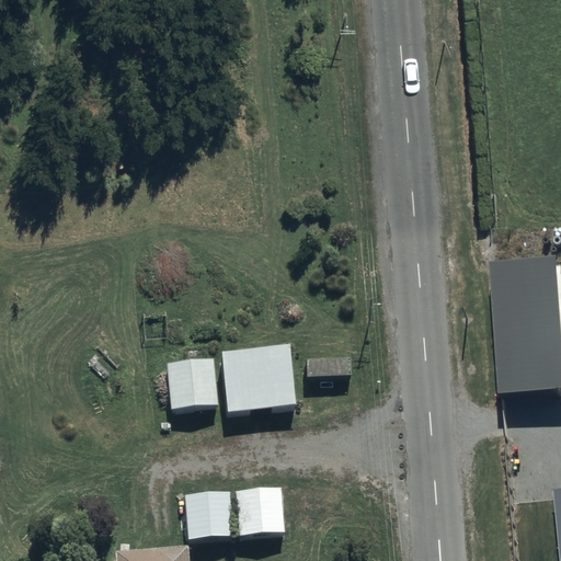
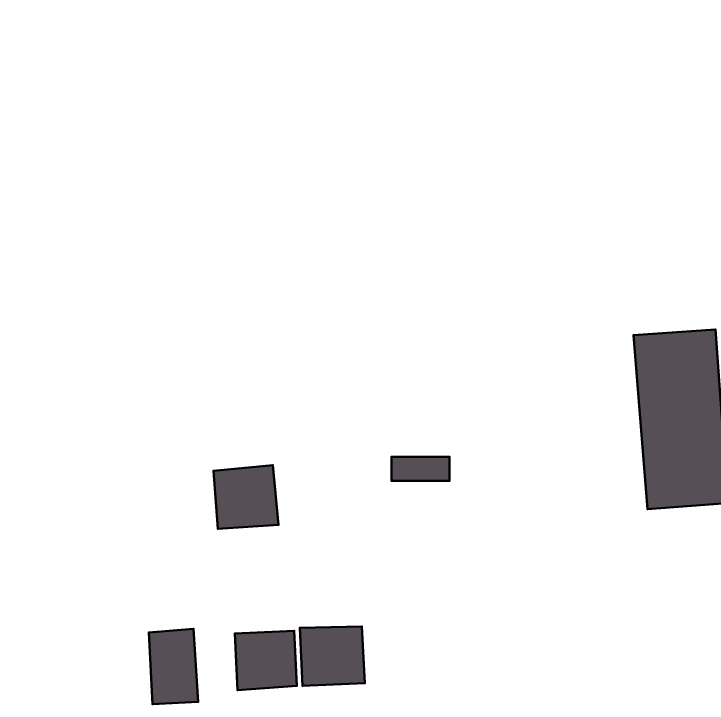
building: [219,348,296,416] -> none
building: none -> [149,629,198,704]

